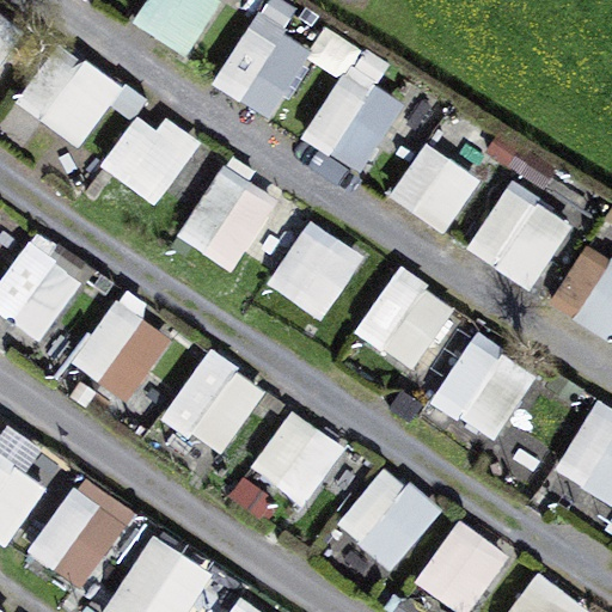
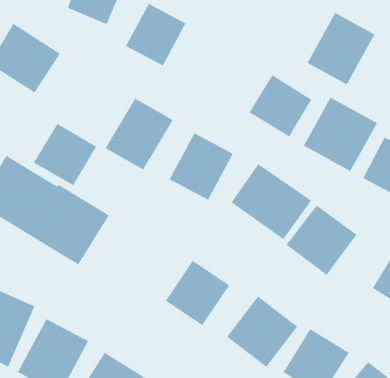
building: [305,44,400,171] -> none
building: none -> [306,12,376,86]
building: [98,112,194,207] -> [33,123,97,186]
building: [159,349,268,459] -> none

